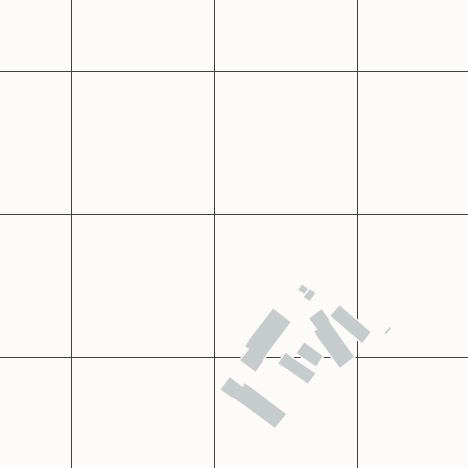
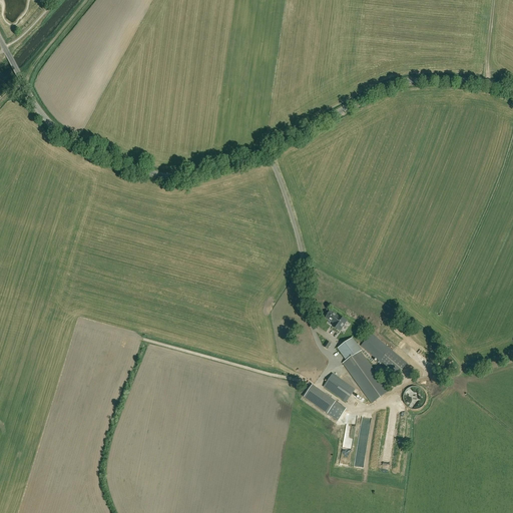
building: [239,307,292,373] -> none
building: [219,376,287,429] -> none

